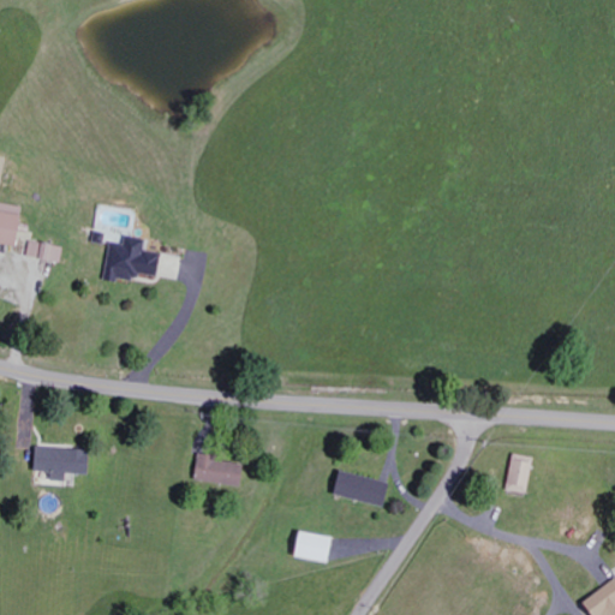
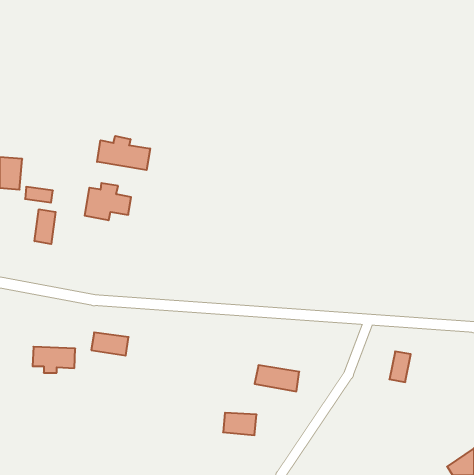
building: none -> [97,136,150,170]
building: none -> [35,209,56,244]
building: [191,456,239,486] -> [91,332,129,356]

